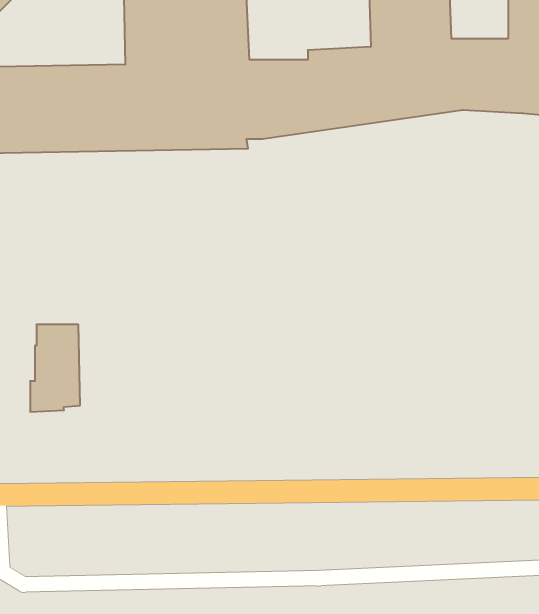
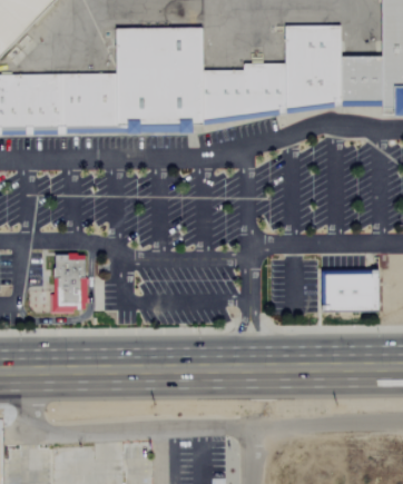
building: none -> [320,267,377,305]

